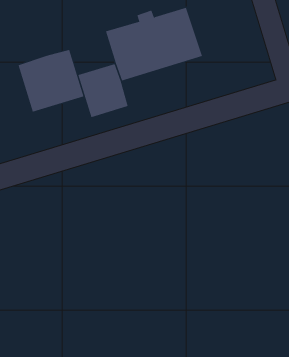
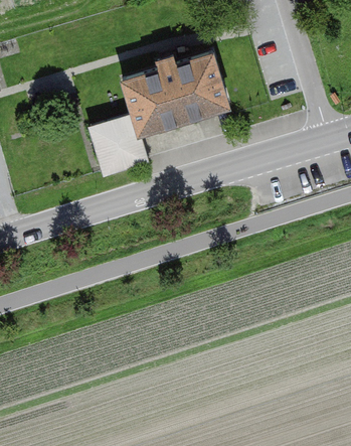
building: [18,49,84,113] -> none

